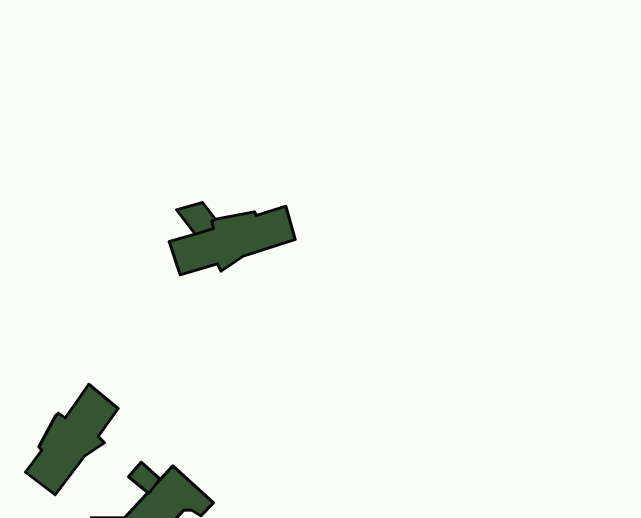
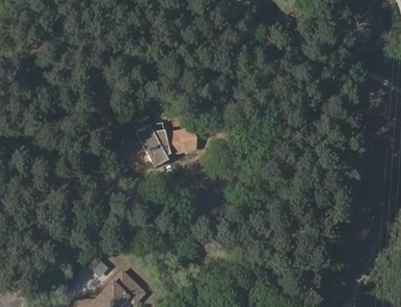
building: [25,384,118,495] -> none

